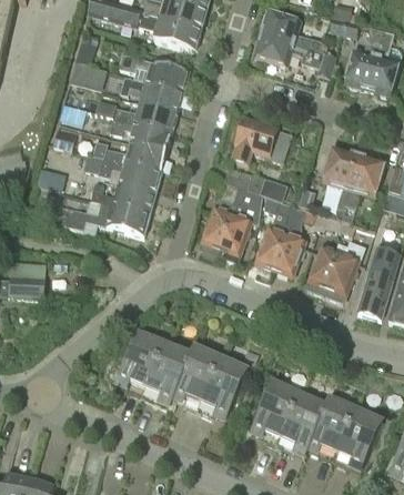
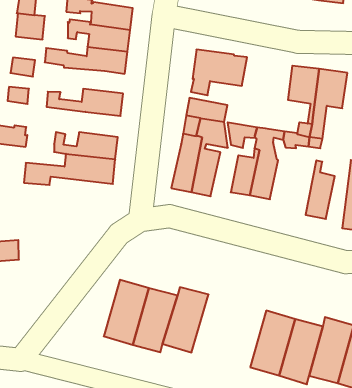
building: [110,117,171,150] -> none
building: [83,151,161,191] -> none
building: [307,240,343,292] -> none
building: [196,355,248,421] -> none

